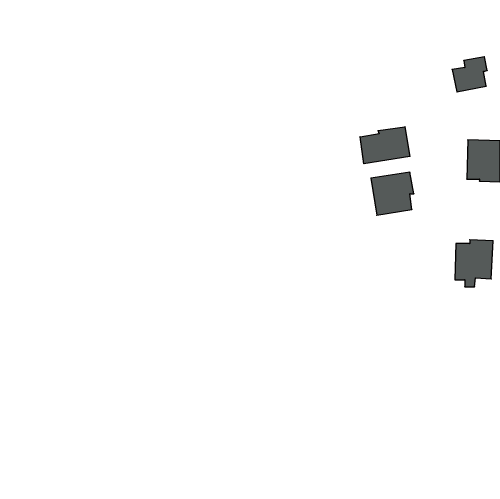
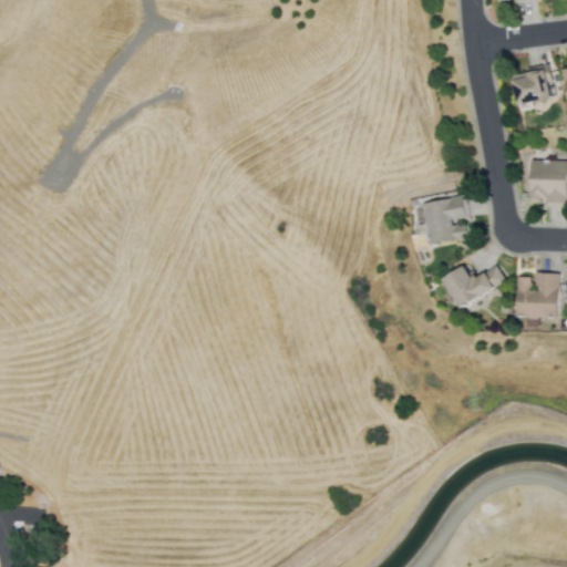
building: [360,127,410,164] -> none
building: none -> [442,265,505,308]

